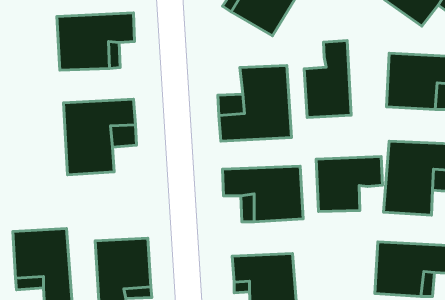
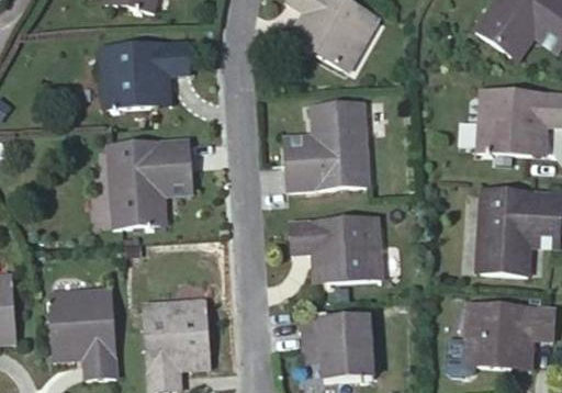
building: [304,40,351,117] -> none
building: [316,157,382,212] -> none

